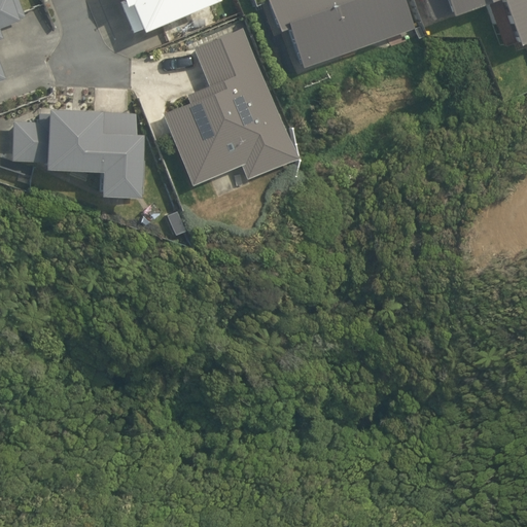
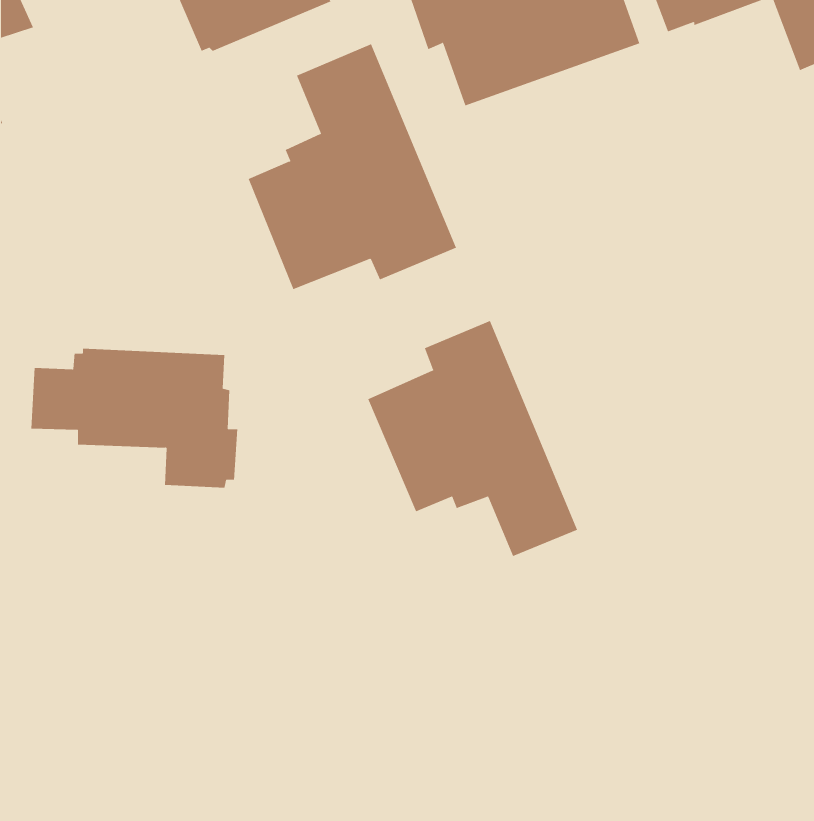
building: [12,109,145,199] -> [31,348,238,488]
building: none -> [368,320,578,557]

